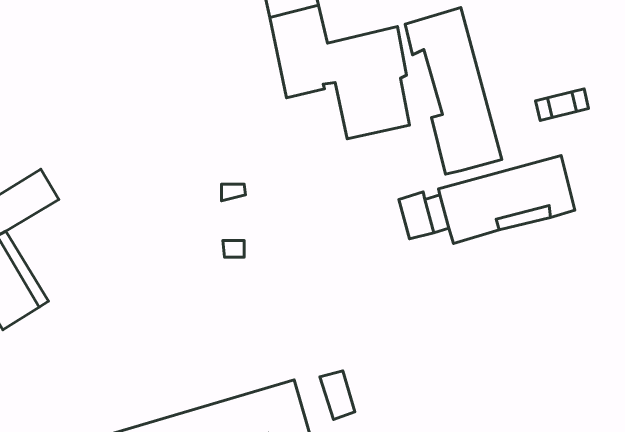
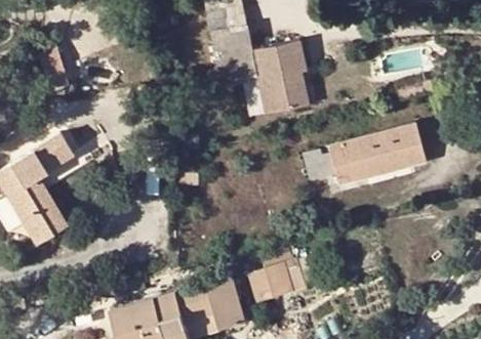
building: [405,8,502,174] -> none
building: none -> [262,251,293,298]

